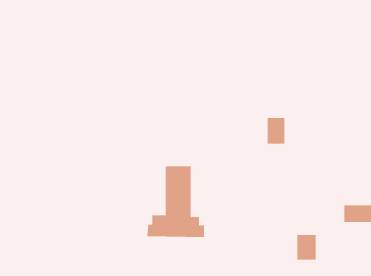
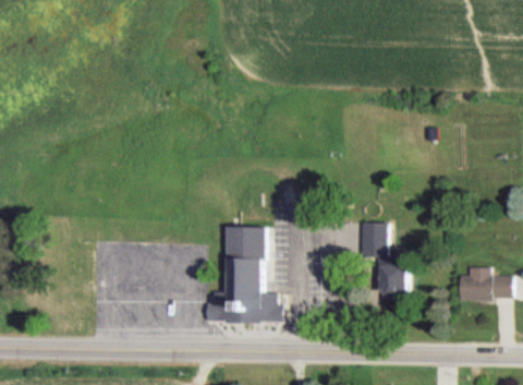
building: [267,118,285,144] -> [362,221,386,256]
building: [296,234,316,260] -> [384,264,410,298]

